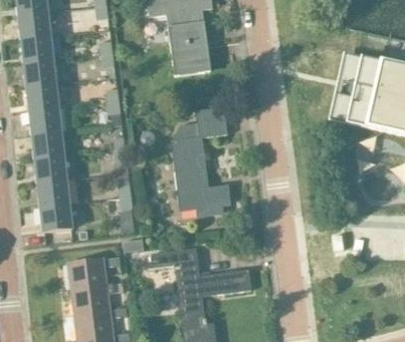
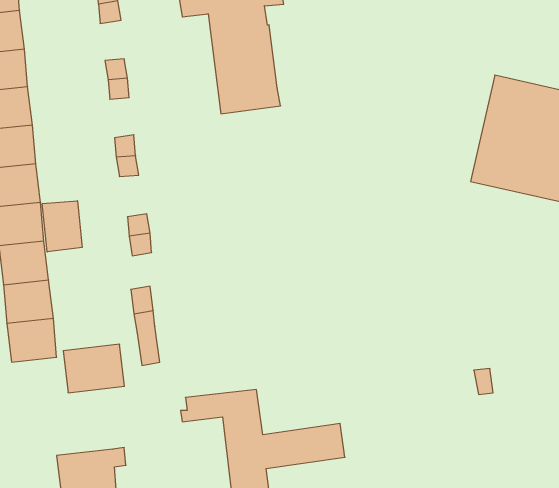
building: [171,106,235,215] -> none
building: none -> [42,201,82,252]
building: [68,259,107,289] -> [63,344,124,393]

